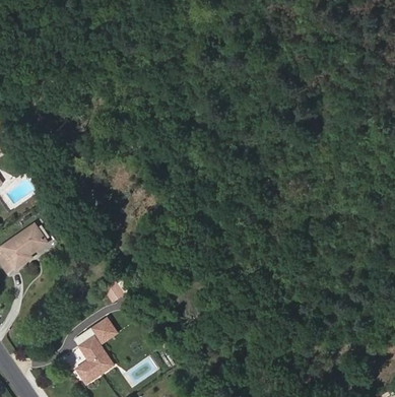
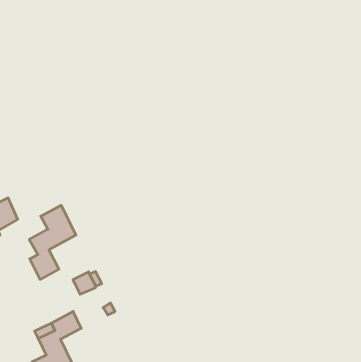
building: none -> [29,205,76,279]

